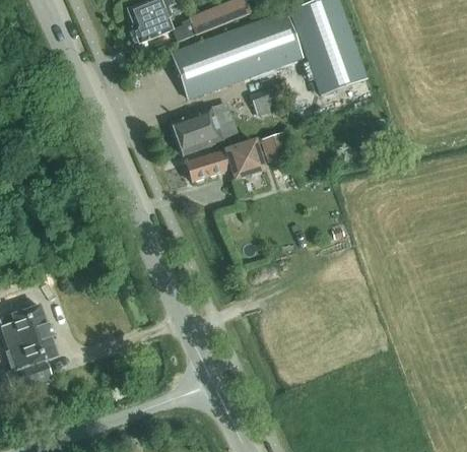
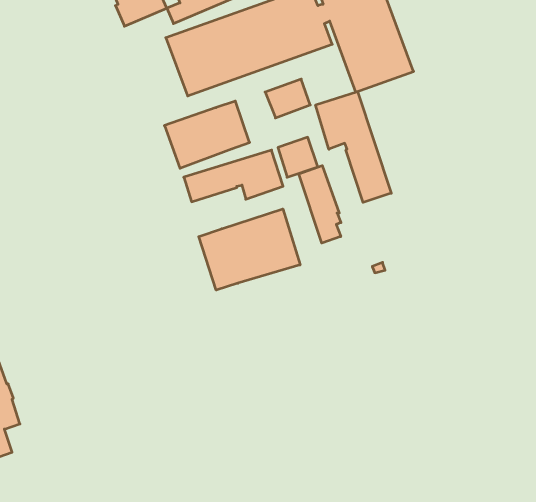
building: none -> [316,92,391,202]
building: none -> [299,166,341,243]
building: none -> [199,209,300,290]

